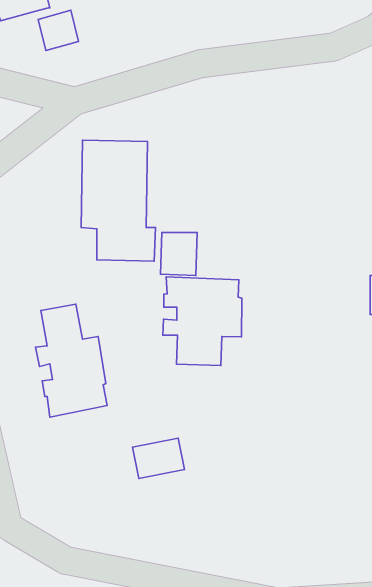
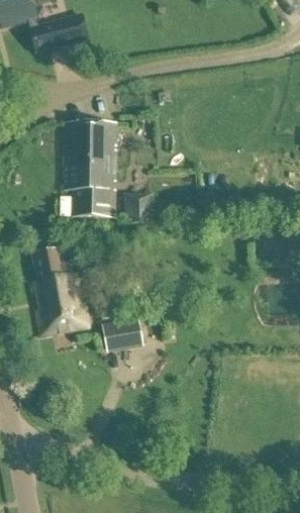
building: [163,277,242,366] -> none
building: [132,438,185,479] -> [101,316,141,347]

